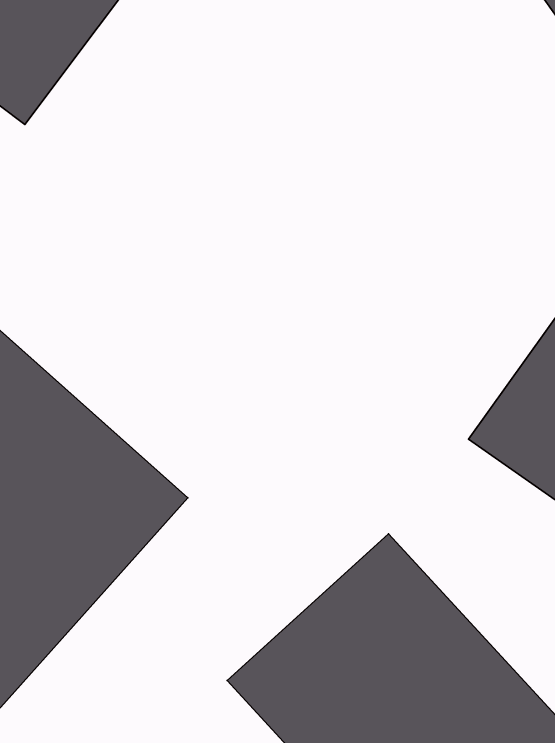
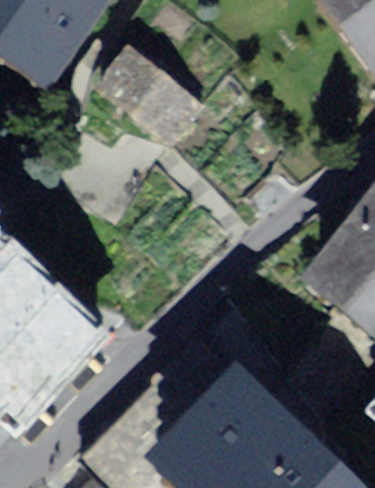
building: none -> [105,45,204,137]

